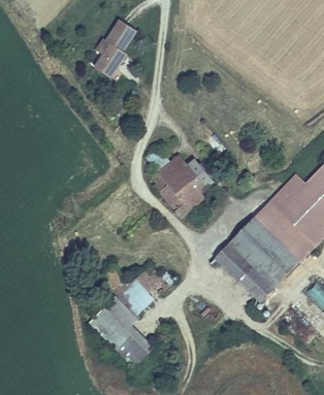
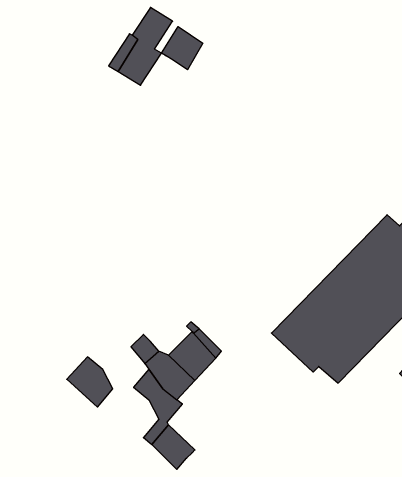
building: none -> [161,27,203,70]
building: [144,152,206,215] -> none
building: [92,303,126,340] -> [67,357,113,407]

